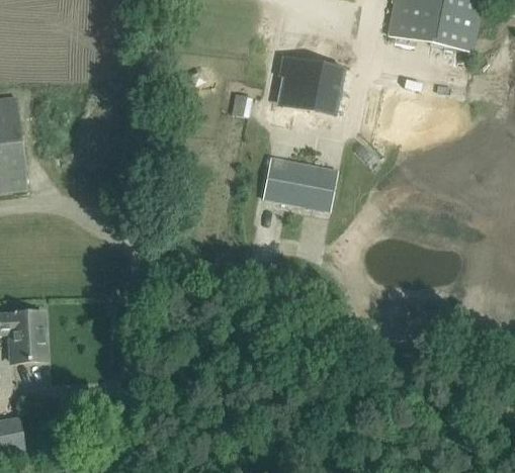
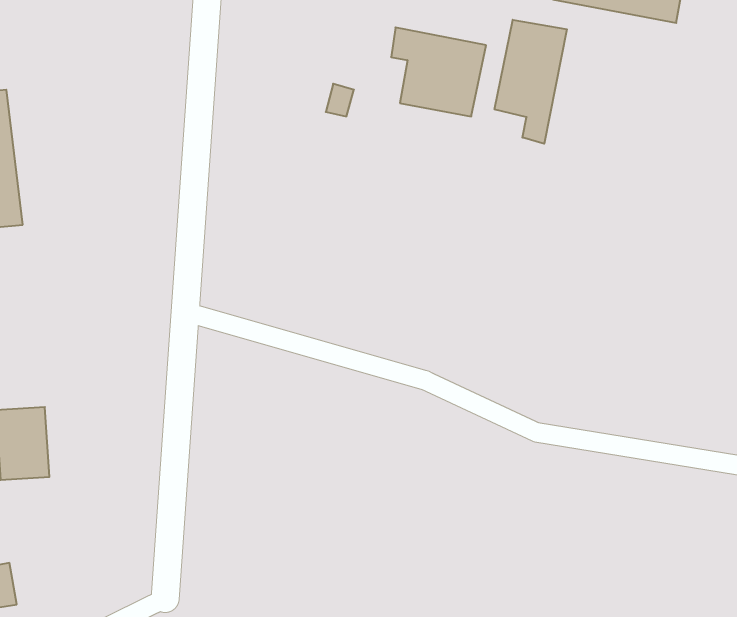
building: none -> [495,20,567,144]
building: [263,162,337,210] -> none

